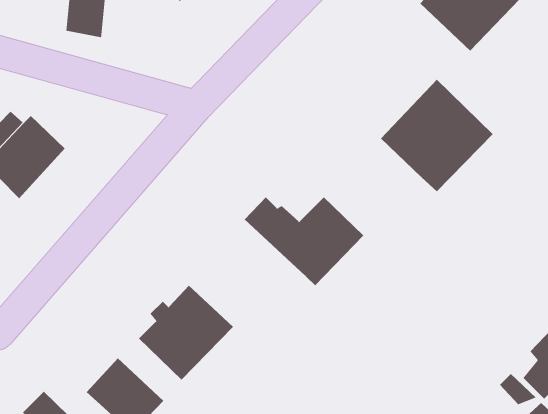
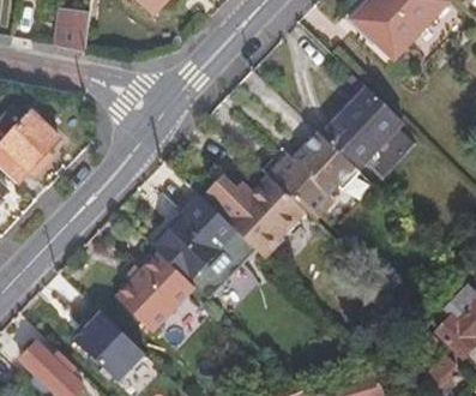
building: none -> [270,132,350,217]
building: none -> [156,199,254,298]

